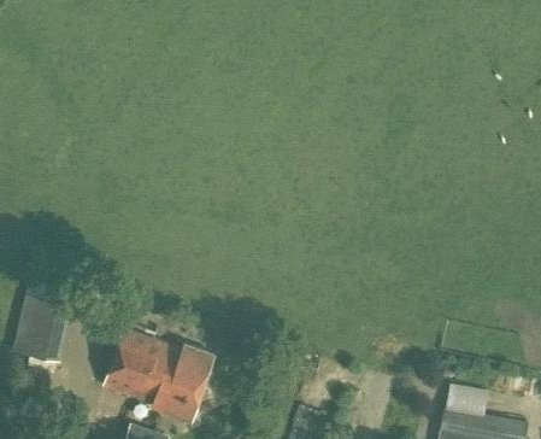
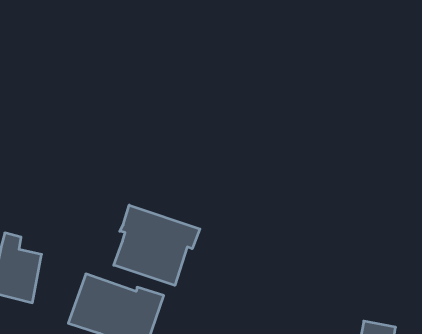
building: none -> [114,205,200,285]

